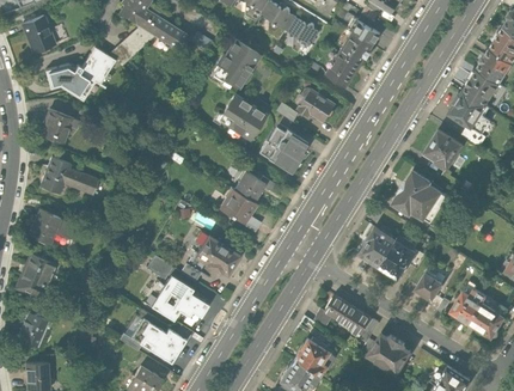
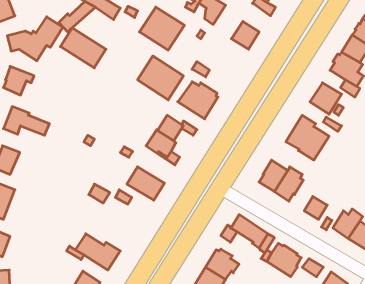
building: [339,31,374,66] -> none
building: none -> [60,28,106,68]
building: [298,88,335,122] -> none
building: [151,275,209,323] -> none

